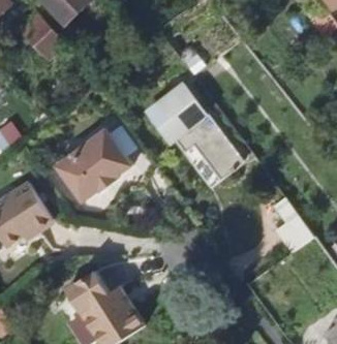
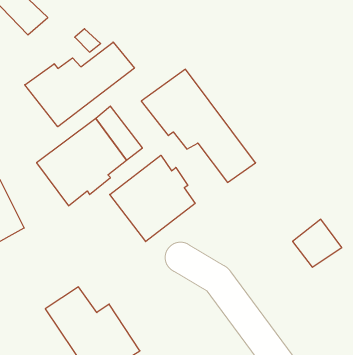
building: none -> [25,42,134,127]
building: none -> [110,155,195,242]

